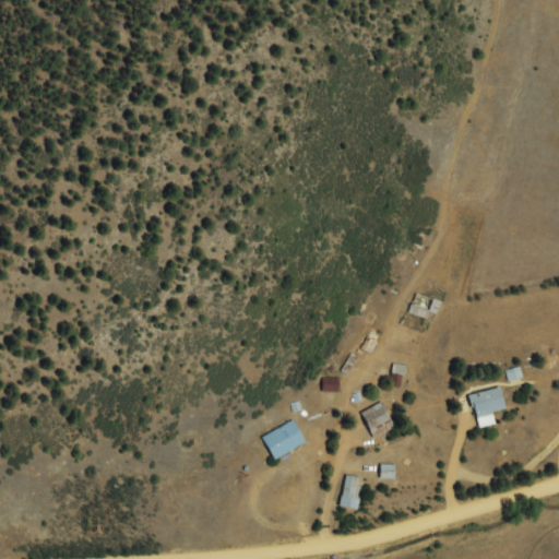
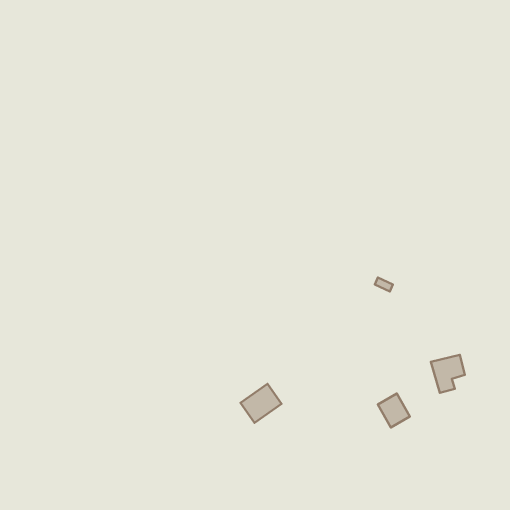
building: [360,401,395,438] -> [378,394,410,428]
building: [341,476,359,509] -> none

